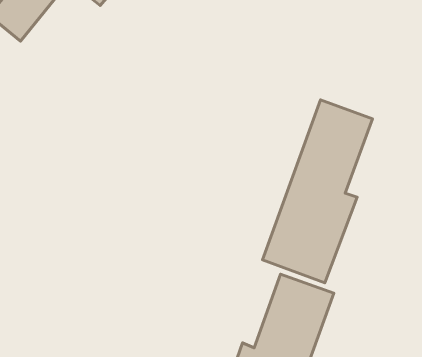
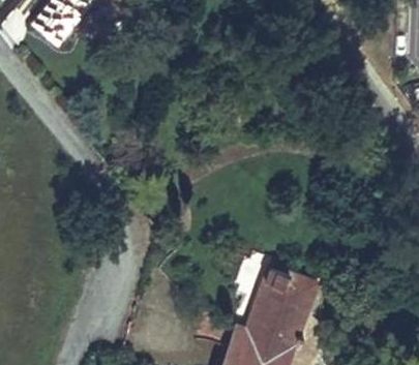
building: [263,100,372,283] -> none

